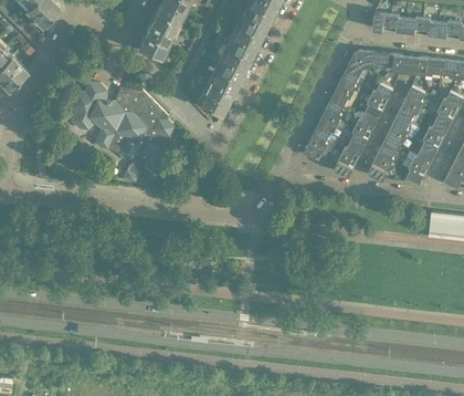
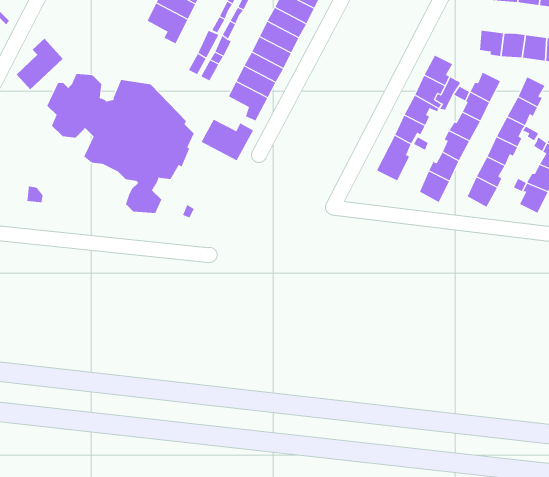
building: [346,50,379,76] -> none
building: none -> [16,38,63,90]
building: none -> [201,119,254,161]

